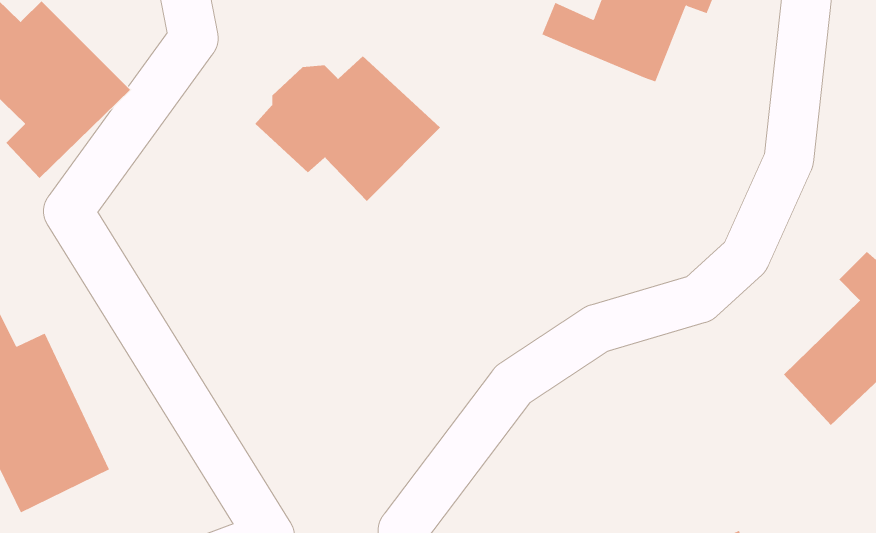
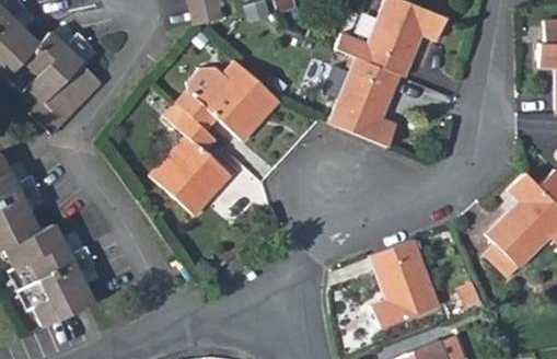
building: none -> [330,57,401,147]
building: none -> [146,101,224,217]
building: none -> [369,236,437,324]

